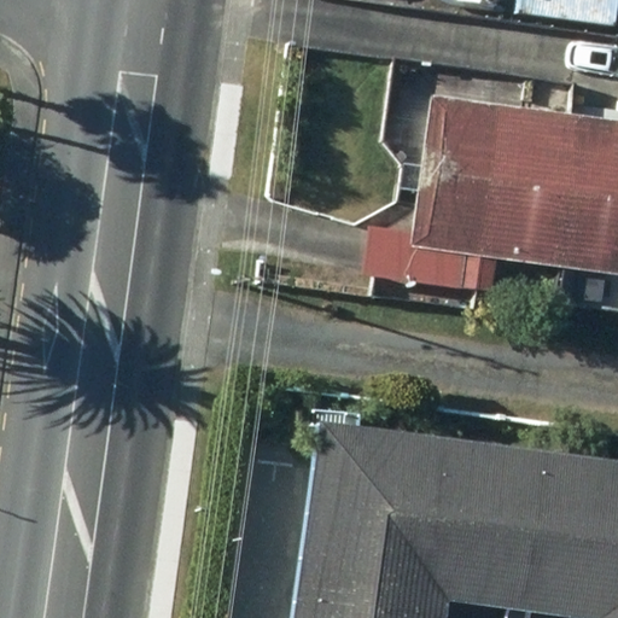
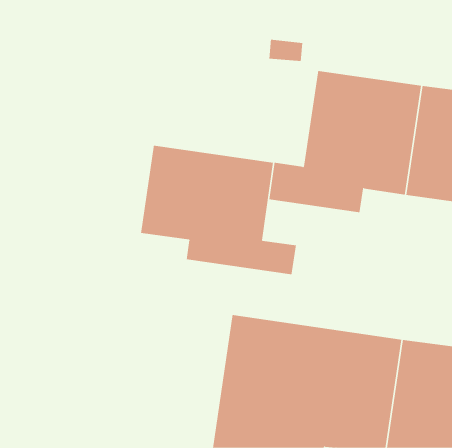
building: none -> [141,145,297,275]

